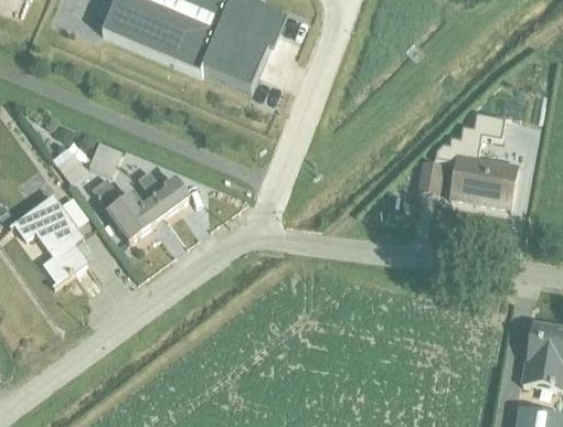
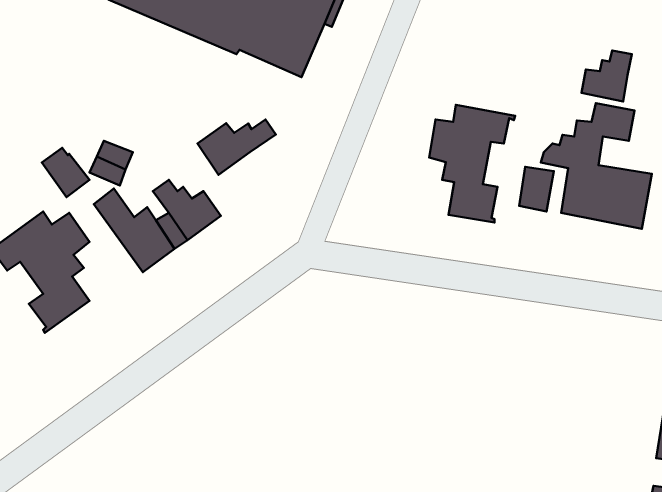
building: none -> [582,50,632,101]
building: none -> [429,105,515,223]
building: none -> [198,120,276,175]

